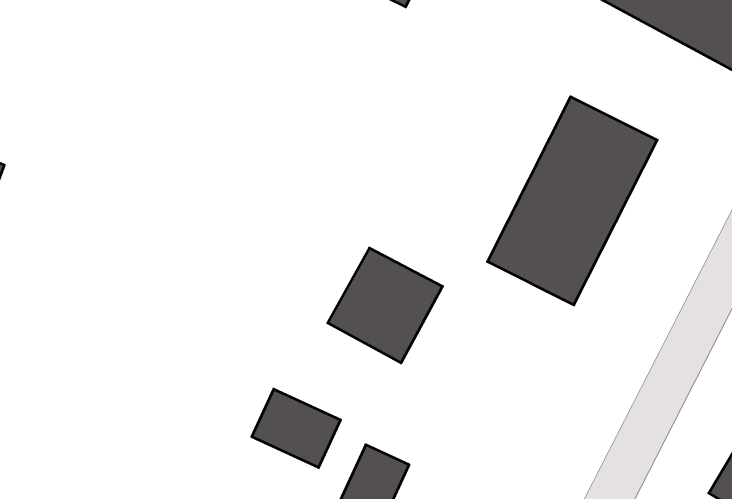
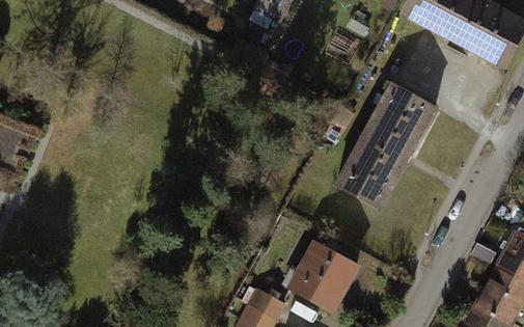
building: [328,248,443,363] -> [293,241,364,312]
building: [252,389,341,468] -> none

